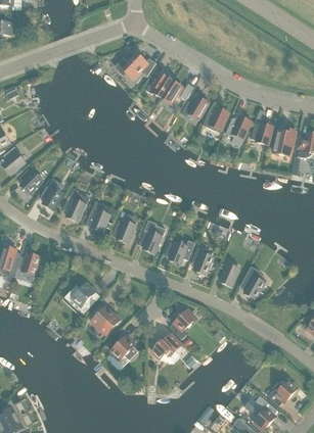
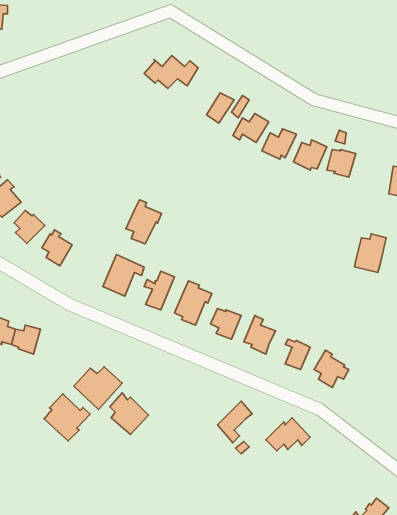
building: [146,64,172,98] -> none
building: [272,129,296,157] -> [354,234,386,273]
building: [62,188,89,221] -> [126,200,162,244]
building: none -> [44,394,90,441]
building: [151,334,184,358] -> [266,418,310,451]
building: [106,335,138,362] -> none

